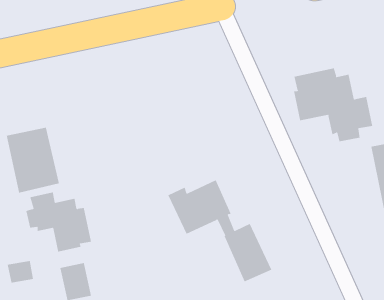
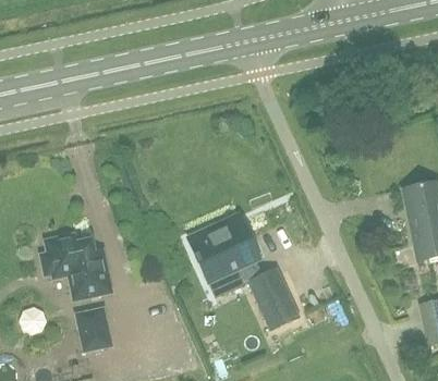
building: [293,68,373,142] -> none
building: [6,127,60,193] -> none

